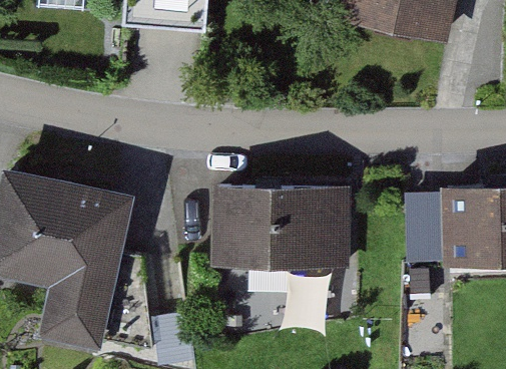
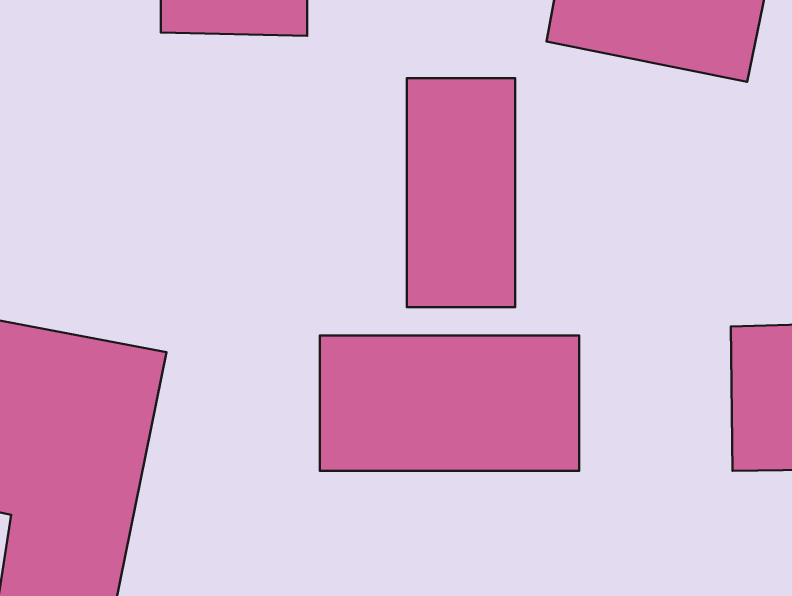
building: none -> [407,78,515,307]

